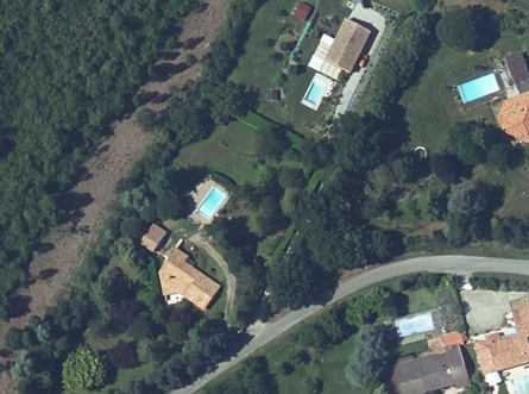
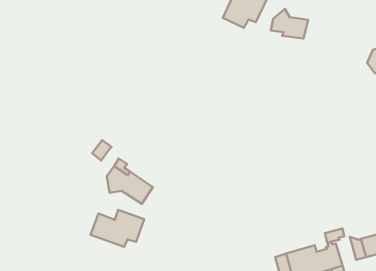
building: none -> [271,9,308,38]
building: none -> [91,210,144,247]

